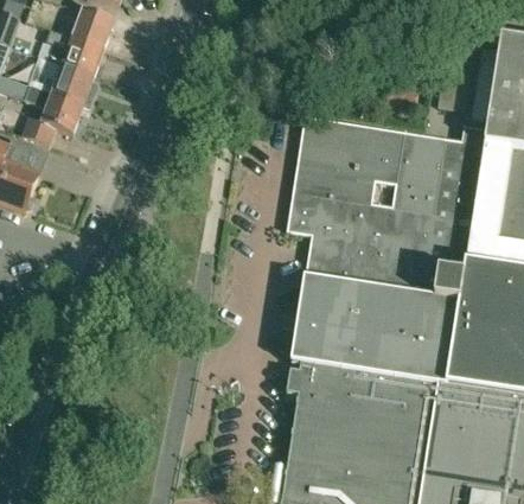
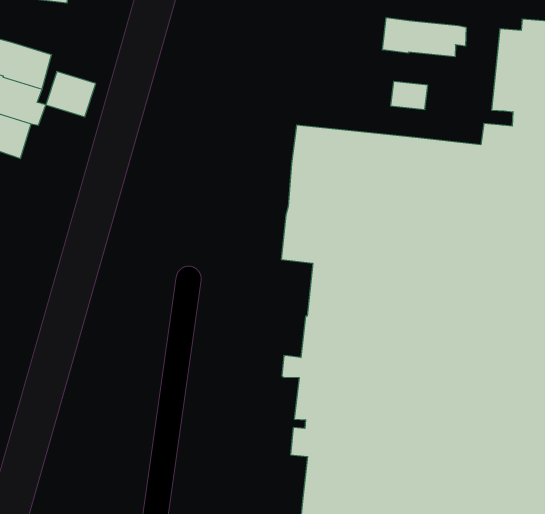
building: [74,9,116,49] -> [46,71,96,117]
building: none -> [383,18,466,57]

